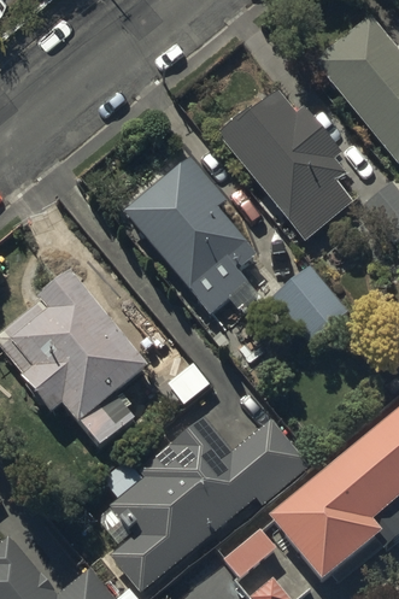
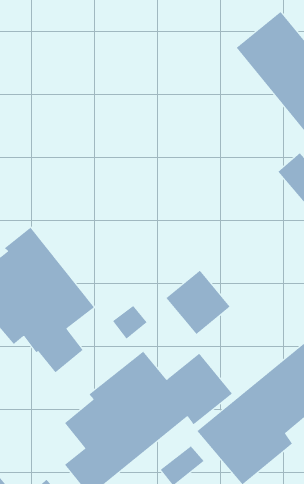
building: [217,86,353,240] -> none
building: [124,155,256,313] -> none
building: [271,265,348,342] -> [166,270,231,335]

